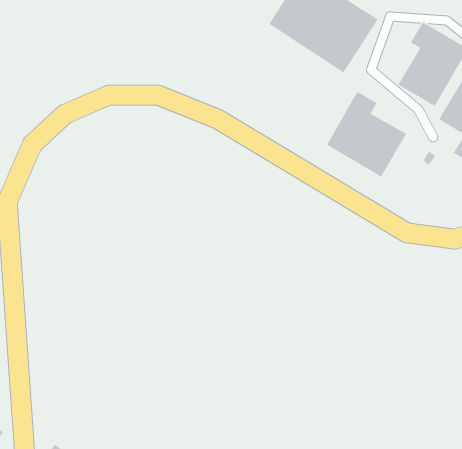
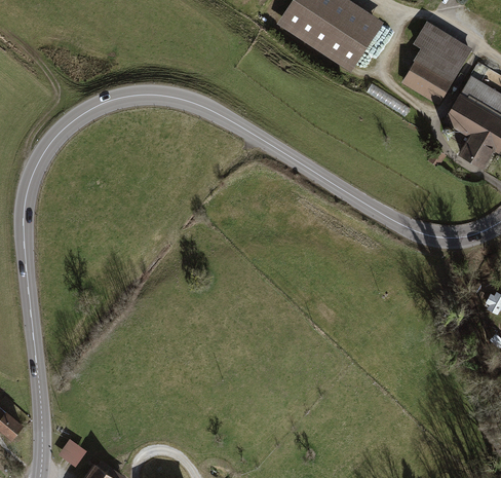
building: [326,91,407,177] -> none

